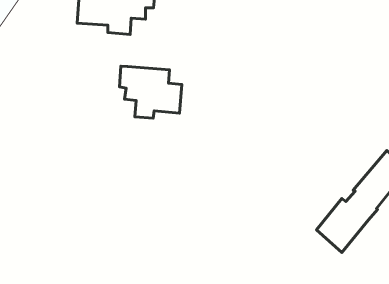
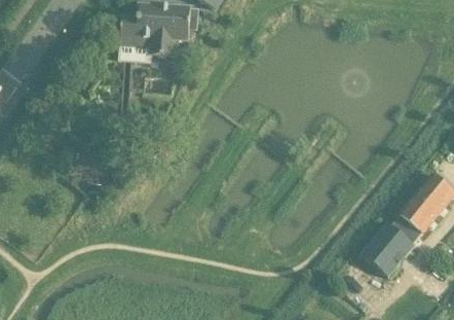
building: [120,66,182,118] -> none

